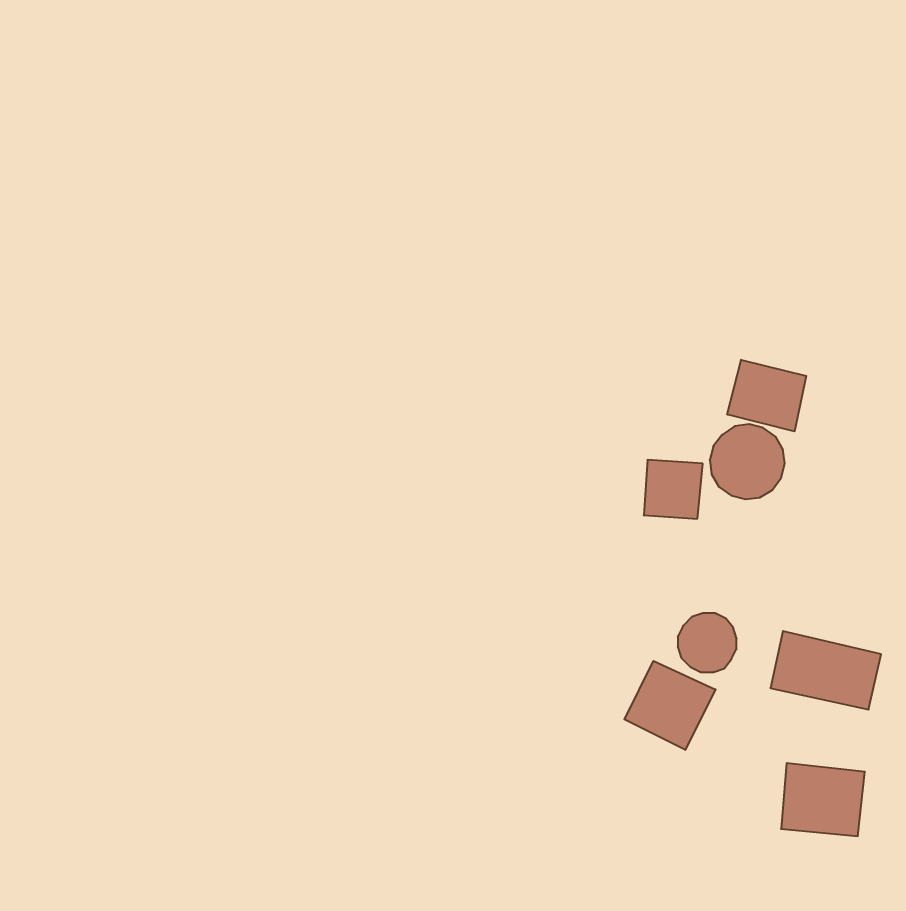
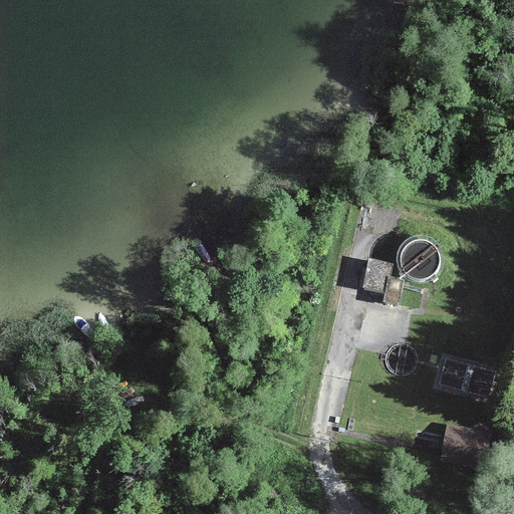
building: [727,360,806,431] -> none
building: [624,661,716,750] -> none

